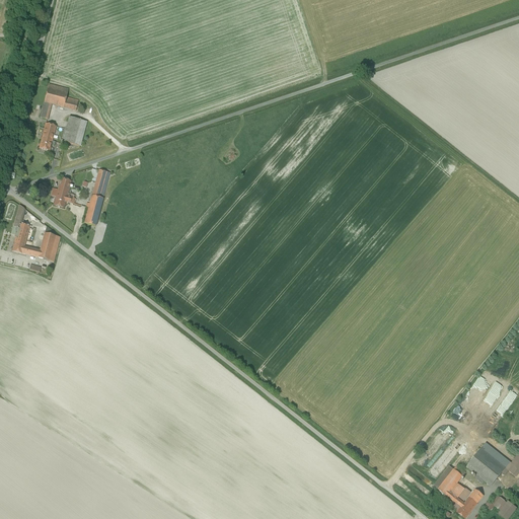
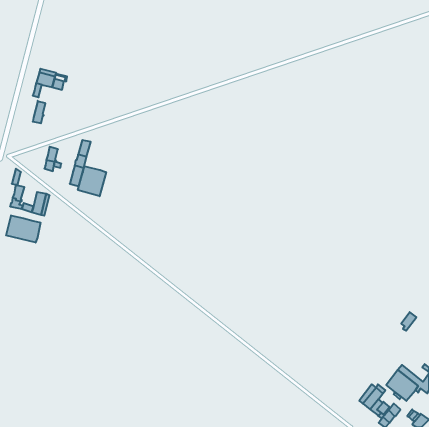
building: [62,115,86,144] -> none
building: none -> [78,166,106,196]
building: none -> [6,215,41,243]

